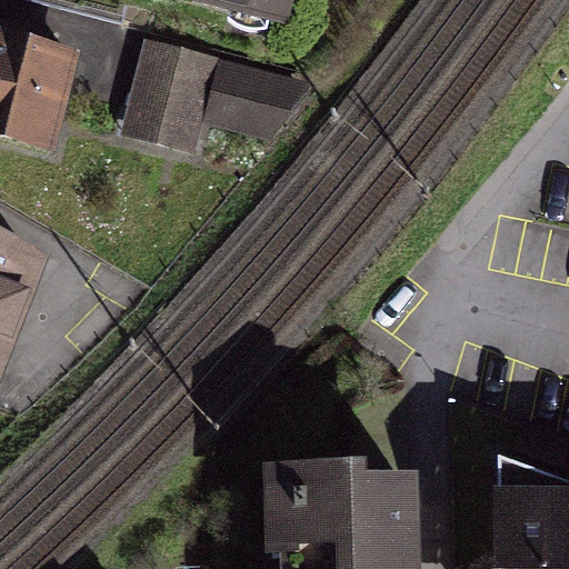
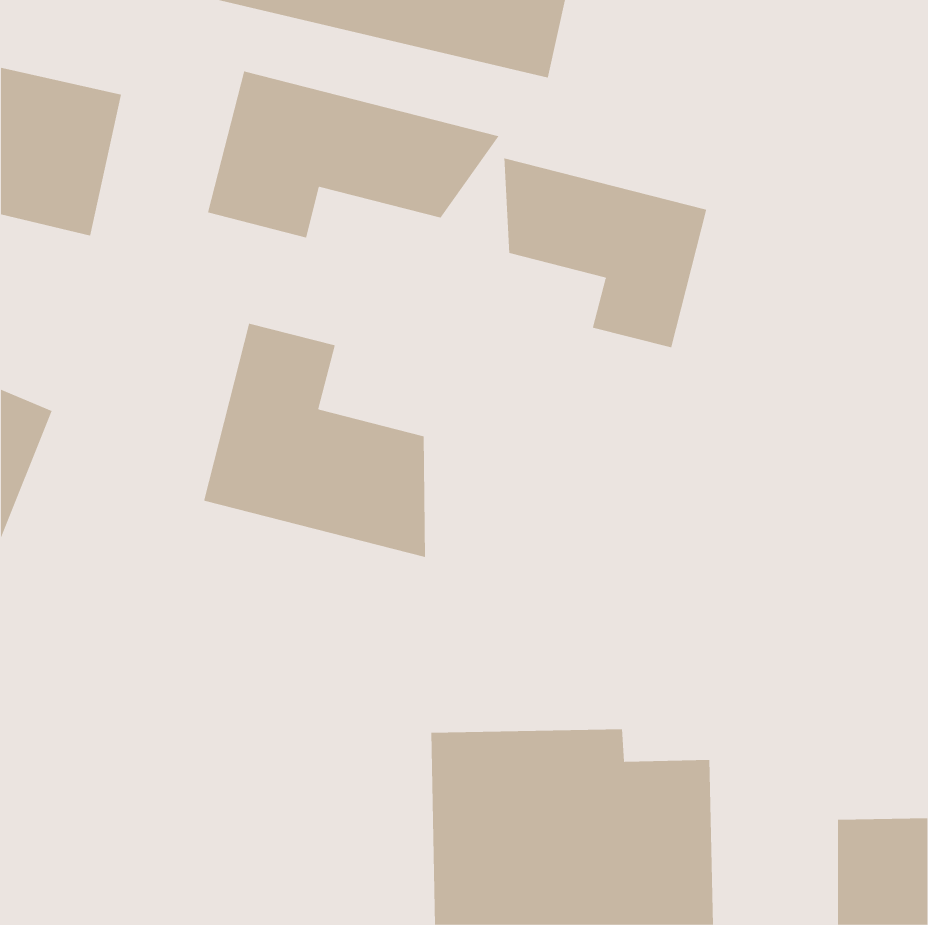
building: none -> [504,157,707,348]
building: none -> [204,323,425,558]

